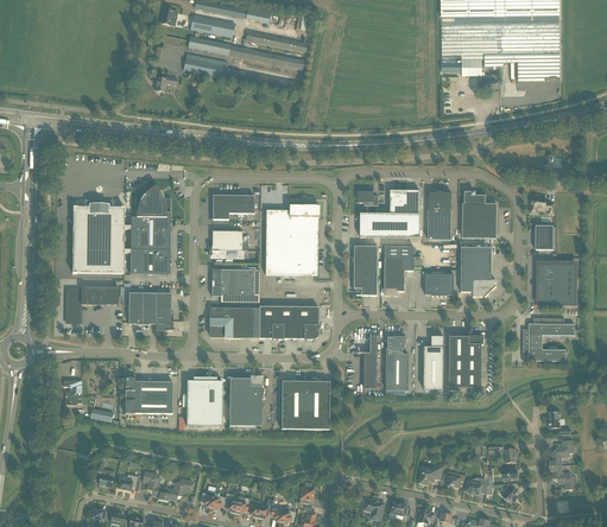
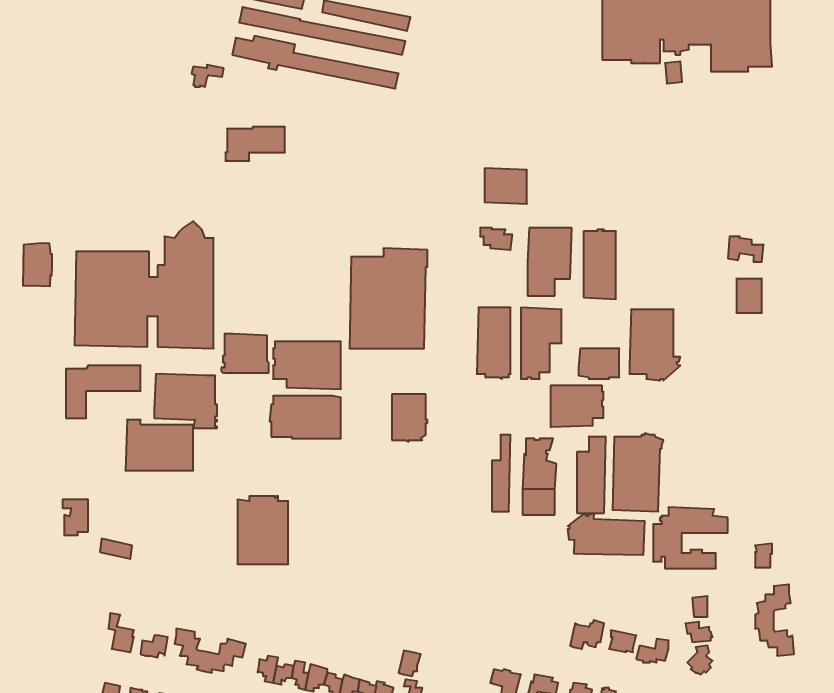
building: [461,191,495,237] -> none
building: [211,195,253,218] -> [225,127,285,161]
building: none -> [23,243,52,286]
building: [359,212,388,237] -> [485,168,527,204]
building: [209,230,242,258] -> [221,334,269,373]
building: [535,262,575,304] -> none
building: none -> [551,385,603,427]
building: [258,306,293,338] -> none
building: [521,317,574,360] -> [653,507,728,568]
building: [228,375,263,425] -> none
building: [124,377,171,413] -> [125,420,193,471]
building: [280,379,328,428] -> none
building: none -> [568,513,644,555]

